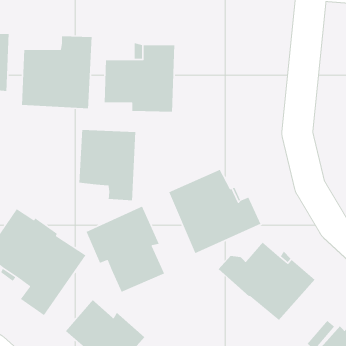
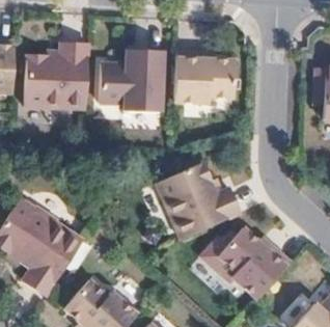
building: none -> [175,48,237,100]
building: [78,129,136,201] -> none
building: [86,206,165,293] -> none

